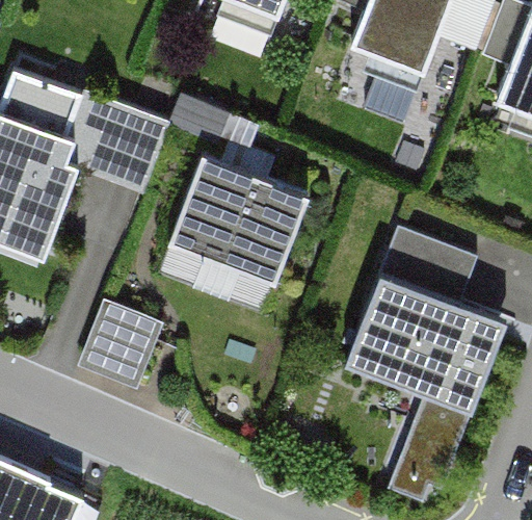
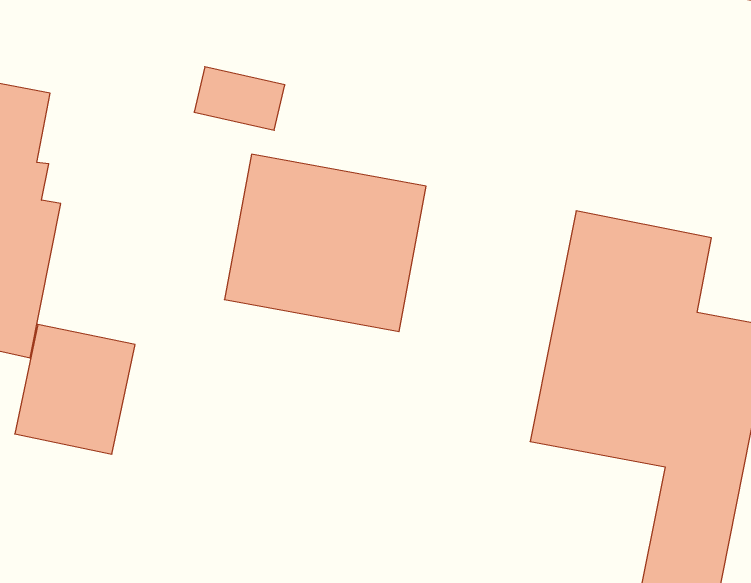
building: [85,101,168,183] -> none
building: [78,301,162,389] -> [15,324,135,454]

